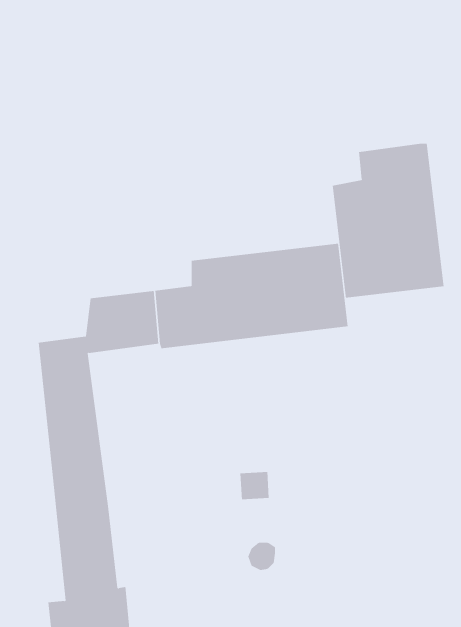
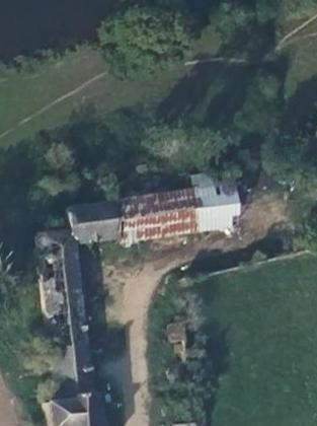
building: [332,143,444,299] -> none

